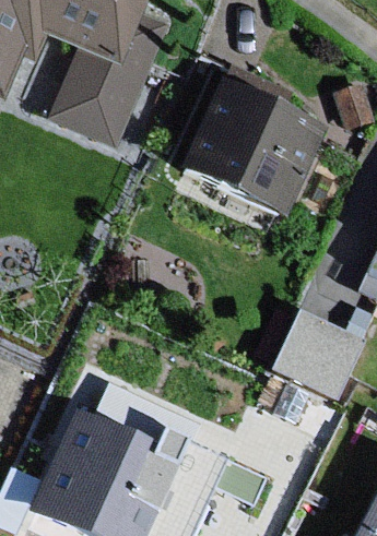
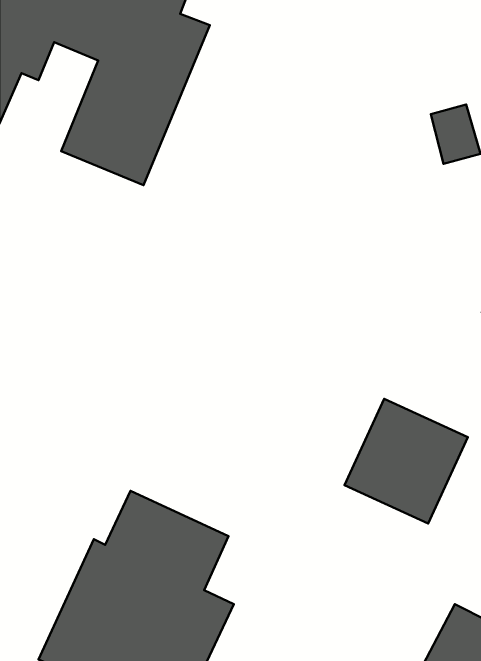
building: [177,80,327,222] -> none

